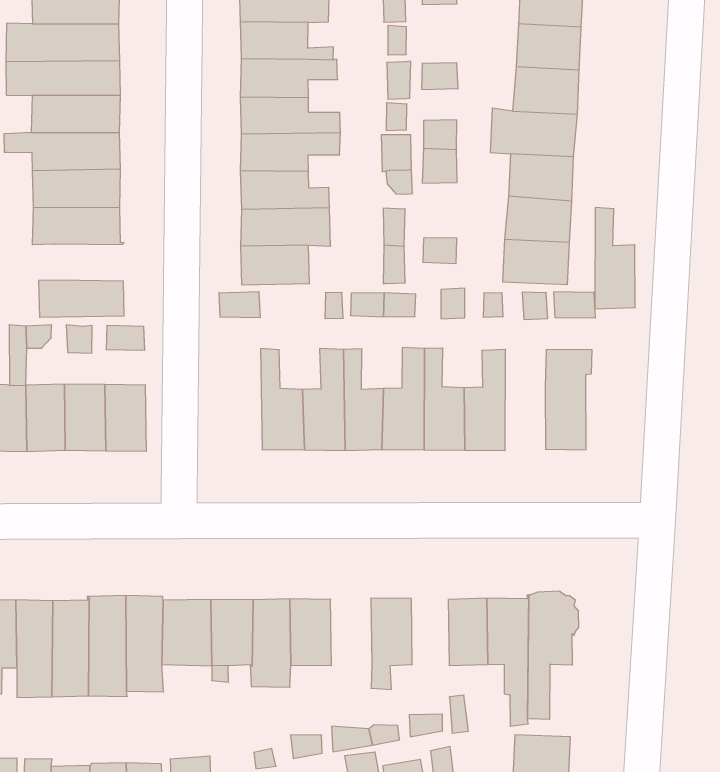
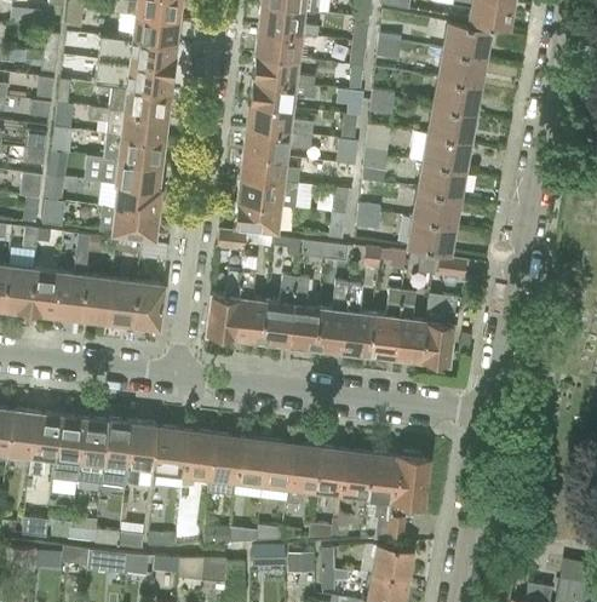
building: [595,208,635,309] -> [395,291,426,360]
building: none -> [114,184,160,214]
building: none -> [206,269,242,337]
building: none -> [263,441,294,487]
building: none -> [316,447,345,494]

